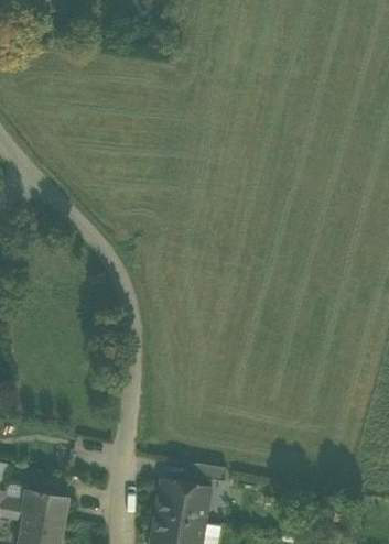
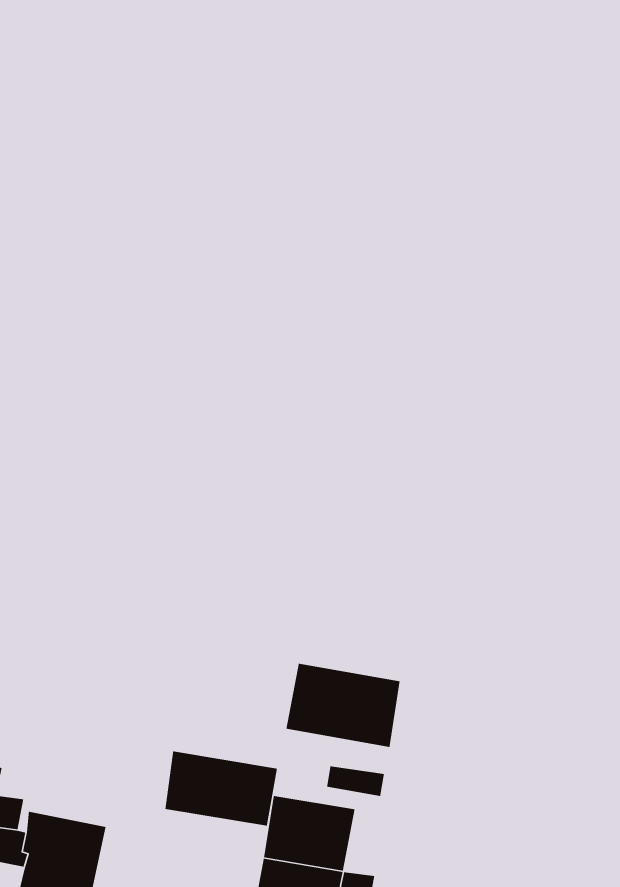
building: none -> [286,663,400,748]
building: none -> [164,751,278,826]

